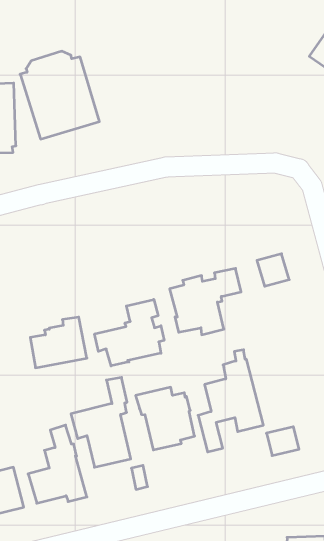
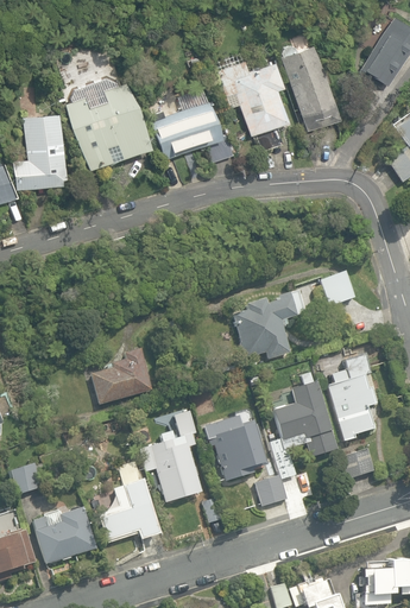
building: none -> [280,44,339,131]
building: none -> [216,61,286,151]
building: none -> [149,88,232,160]
building: [95,299,164,366] -> none
building: none -> [327,355,377,443]
building: none -> [254,475,286,507]

